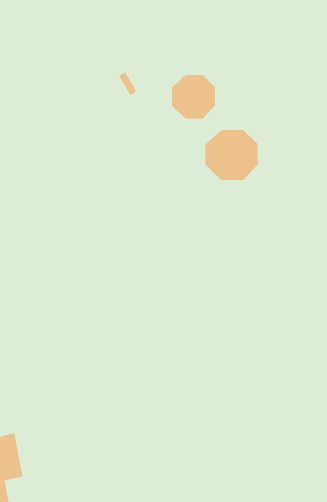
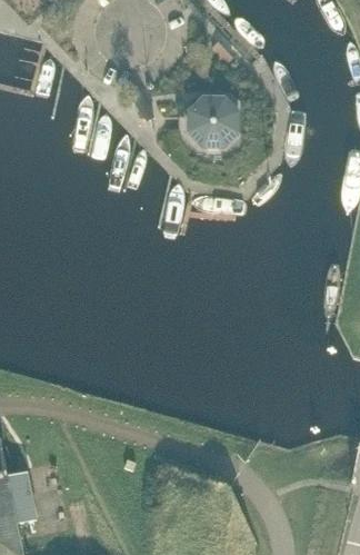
building: [205,129,258,181] -> none

